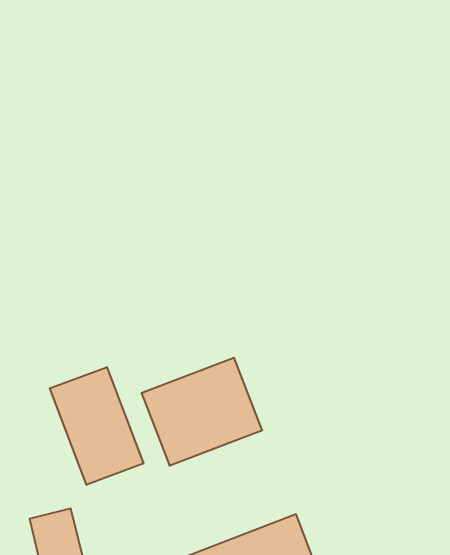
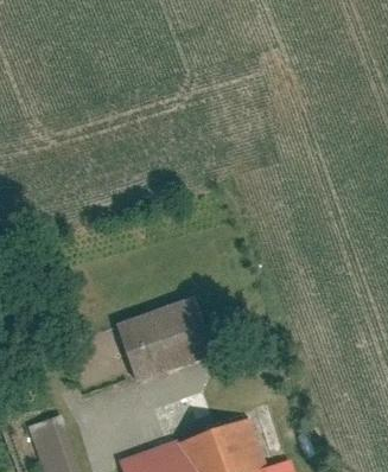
building: [50,367,143,485] -> none

